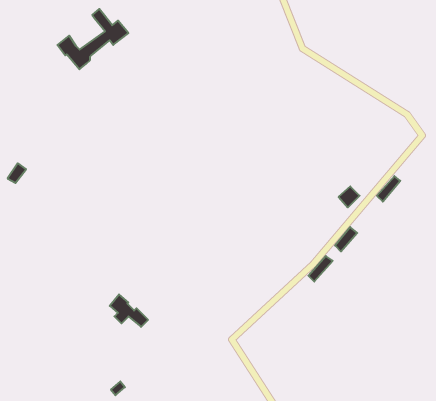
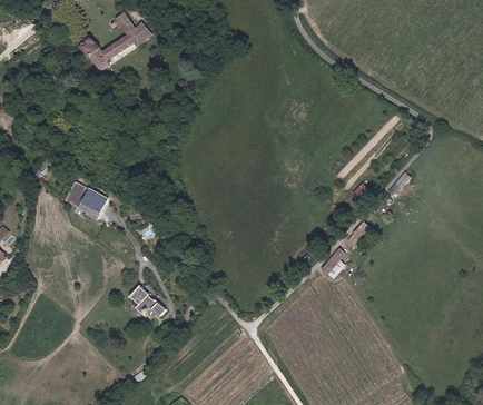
building: none -> [65,181,108,219]

